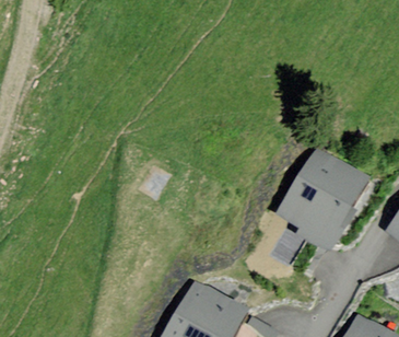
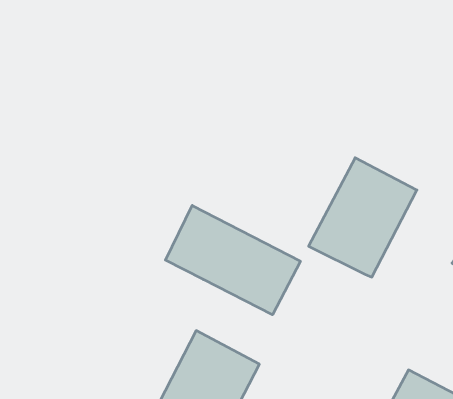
building: none -> [165,205,300,315]

